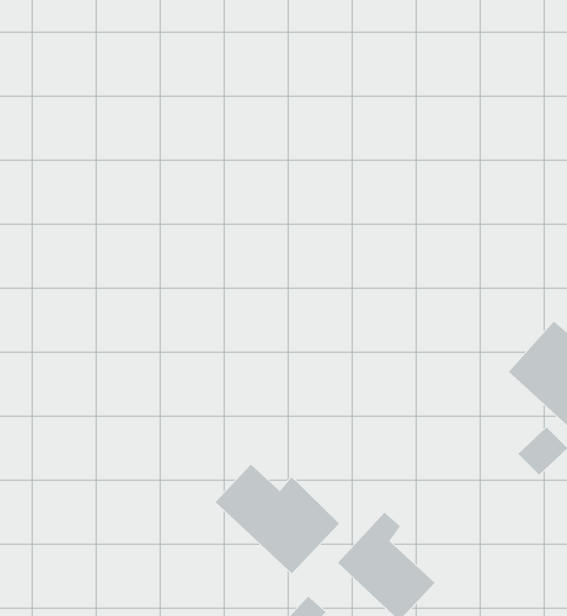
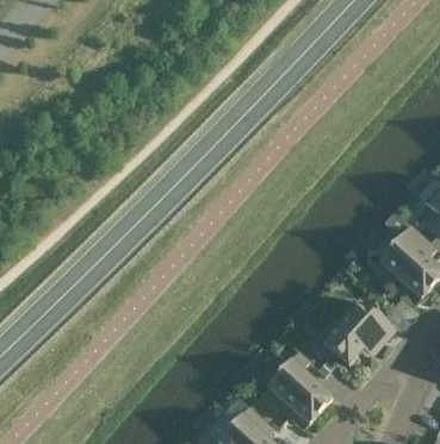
building: none -> [322,300,393,364]
building: [215,464,340,574] -> none

